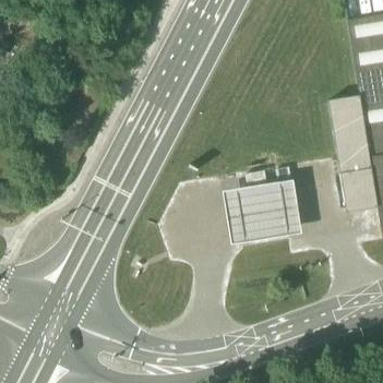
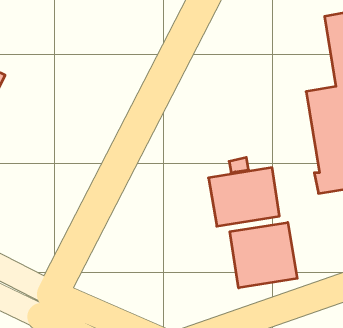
building: none -> [230,222,297,288]

